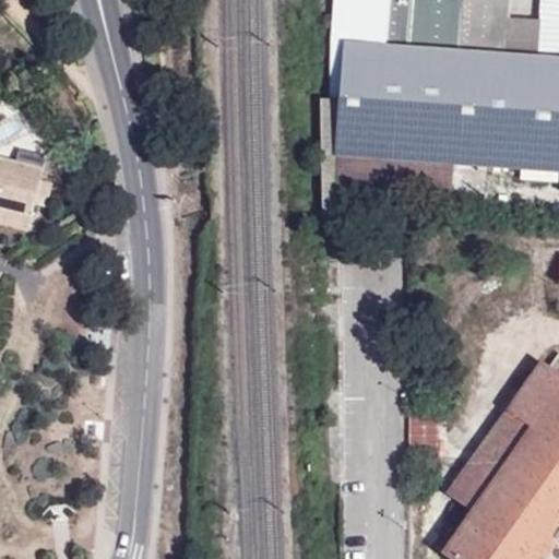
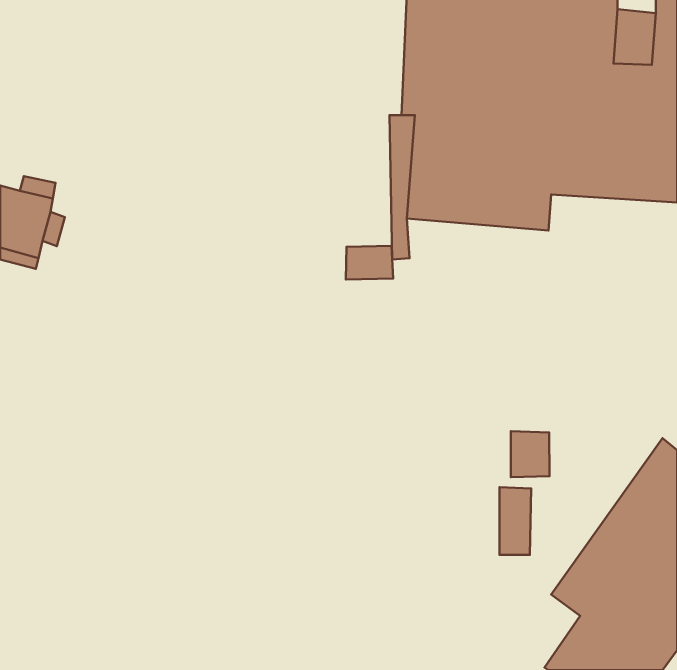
building: none -> [346,246,393,279]
building: none -> [511,431,549,477]

